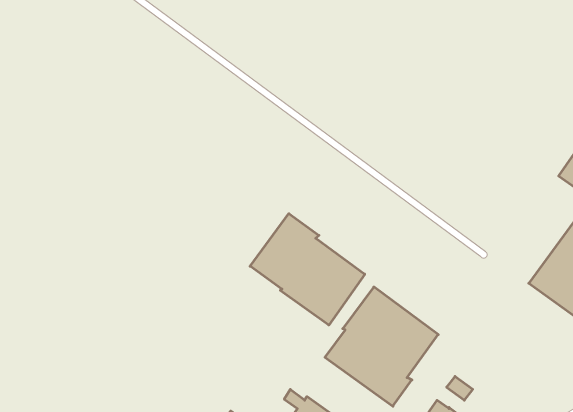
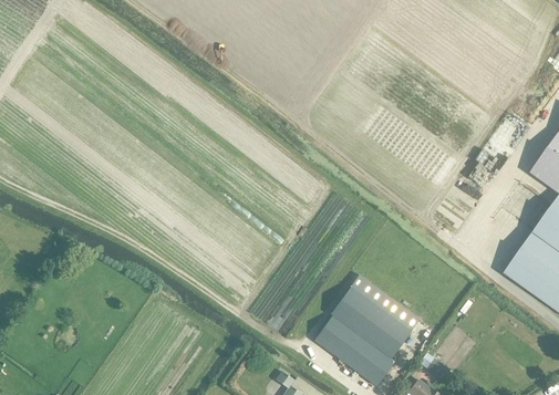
building: [250,214,365,325] -> none

